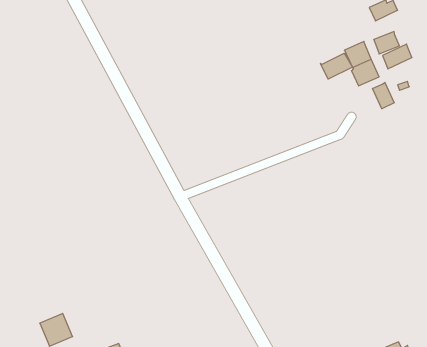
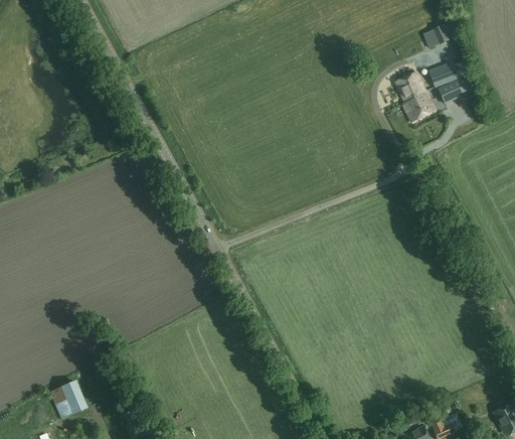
building: [321,53,352,79] -> none
building: [373,82,394,109] -> none

